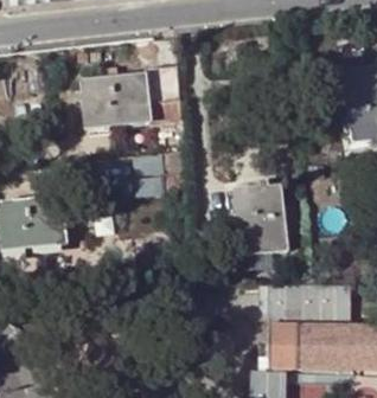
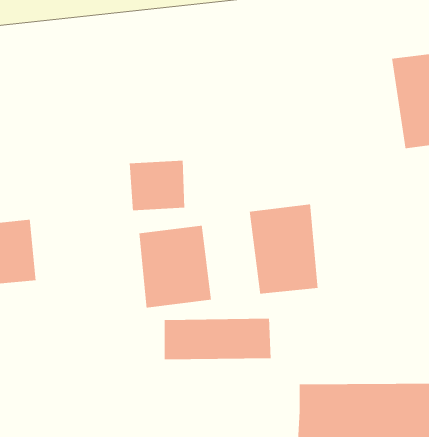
building: [79,59,186,126] -> none
building: none -> [138,225,212,308]
building: [270,277,354,310] -> [164,318,271,360]

